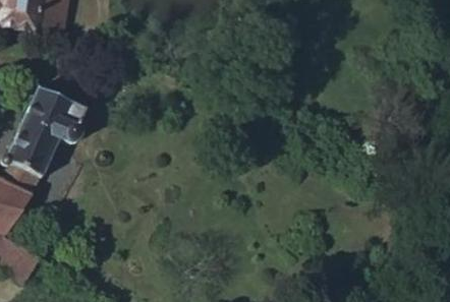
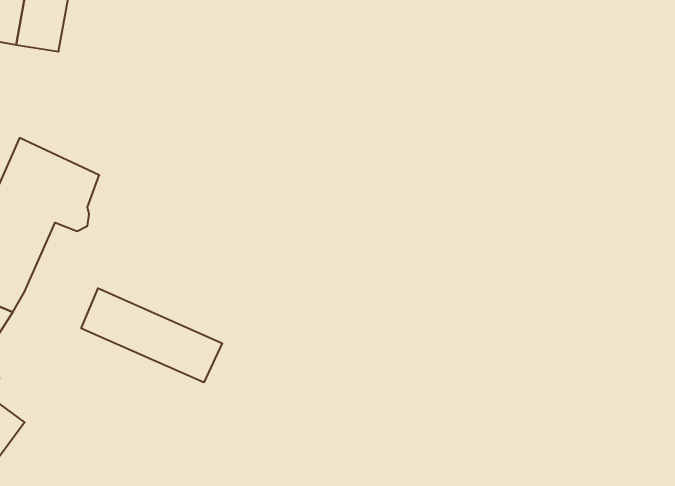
building: none -> [81,288,222,382]

